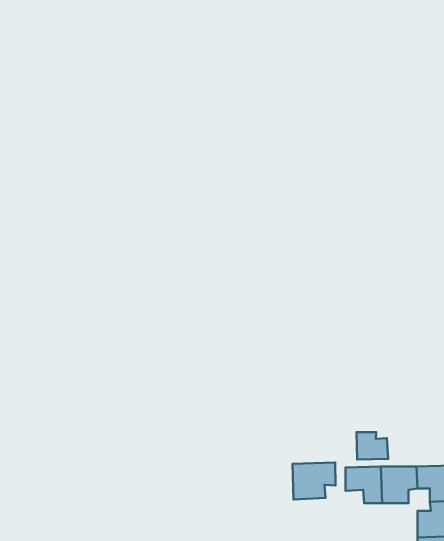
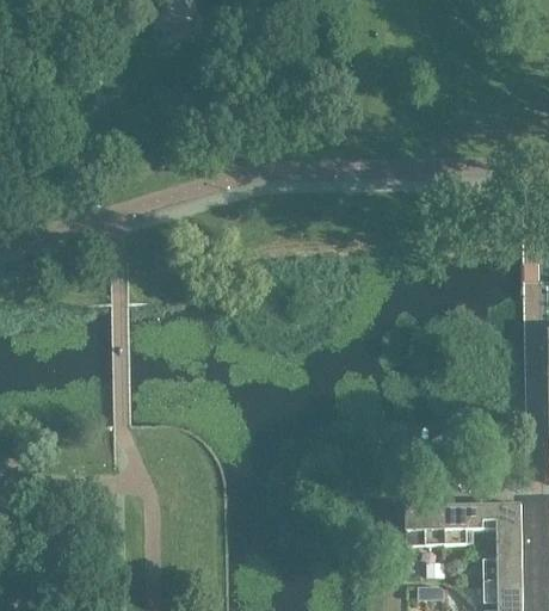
building: [356,432,388,460] -> none
building: [292,463,335,500] -> none

